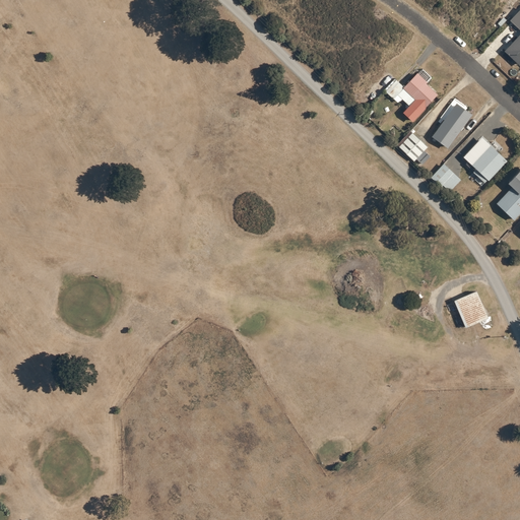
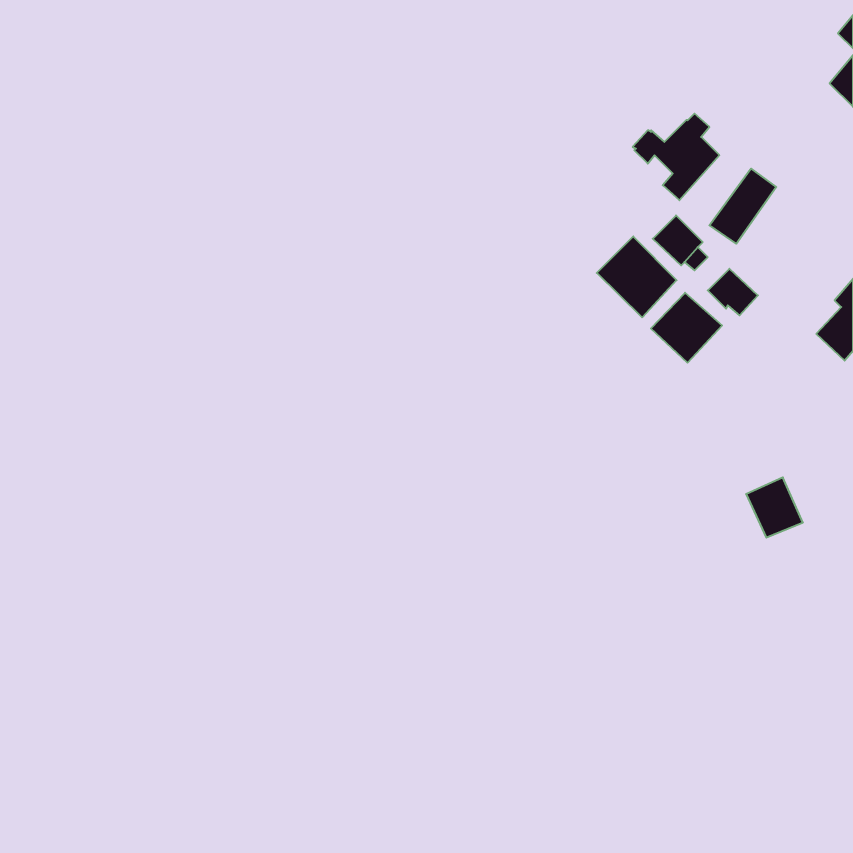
building: [463,137,508,183] -> none
building: none -> [597,236,677,317]
building: none -> [651,293,722,363]

